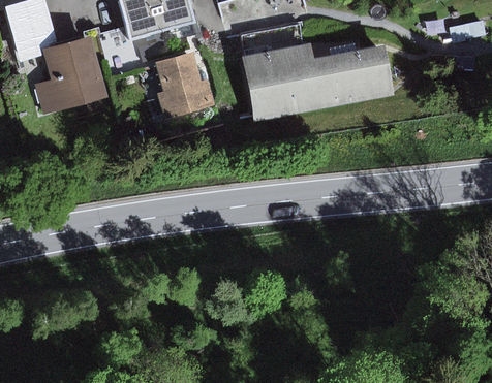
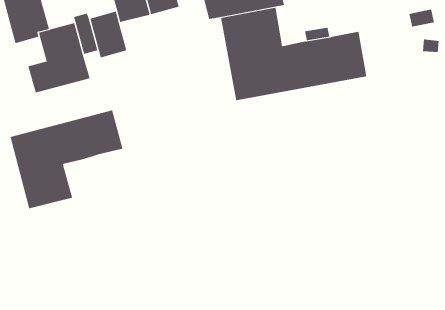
building: [155,51,215,120] -> none
building: none -> [10,109,123,209]

